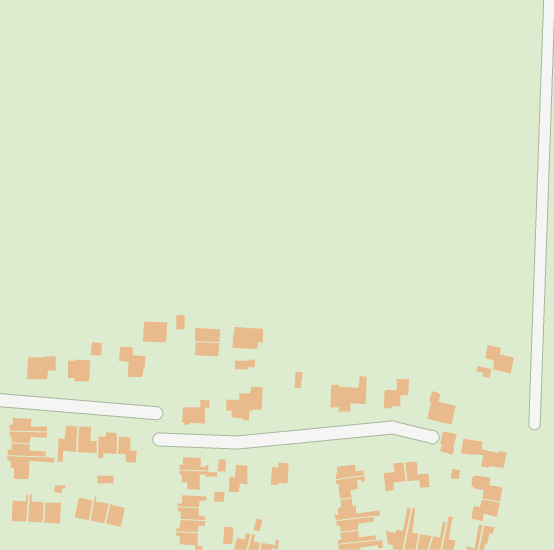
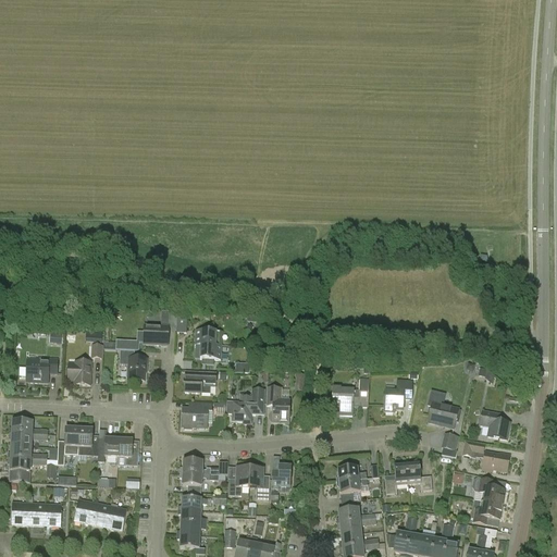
building: [231,326,264,349] -> [183,369,215,392]
building: [485,344,515,374] -> [480,409,510,438]
building: none -> [265,386,289,421]
building: none -> [249,467,269,499]

